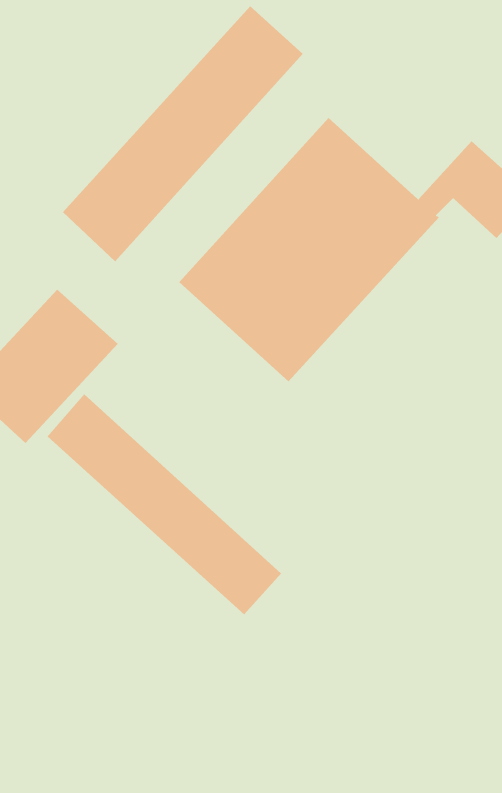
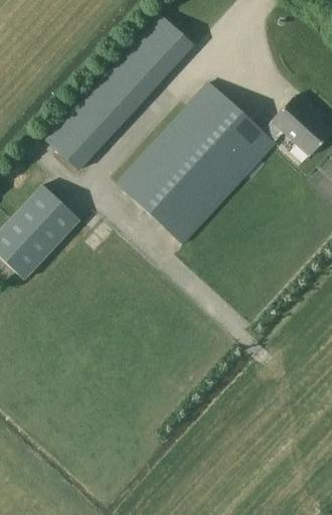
building: [47,393,282,615] -> none

